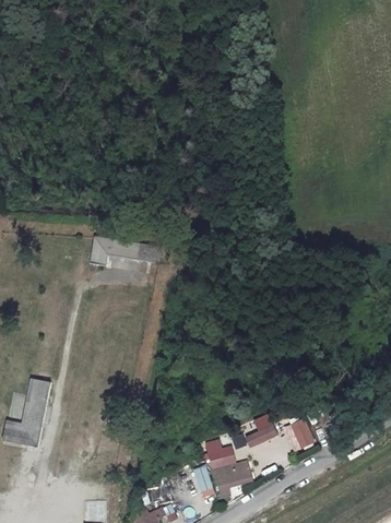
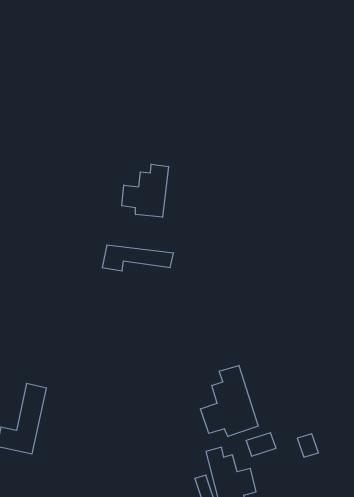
building: none -> [122,164,168,217]
building: none -> [200,365,258,437]

